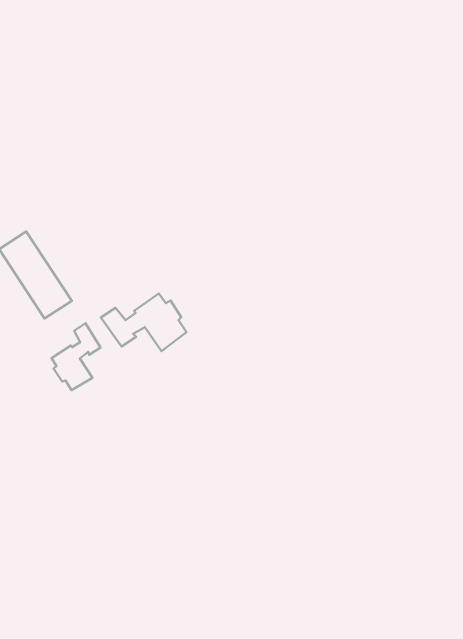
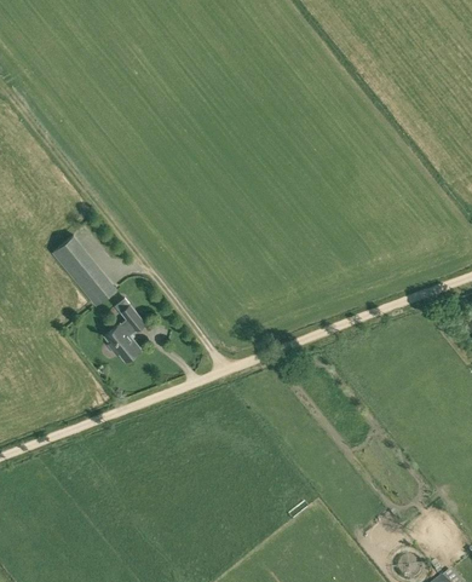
building: [101,294,187,351] -> none

